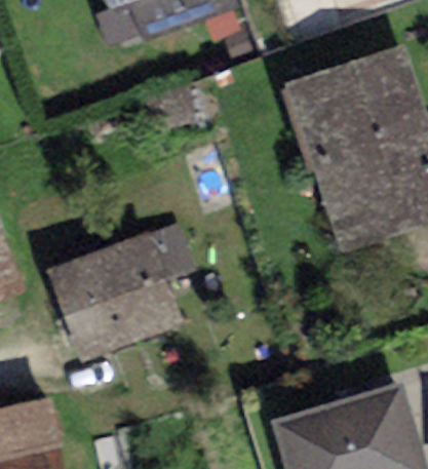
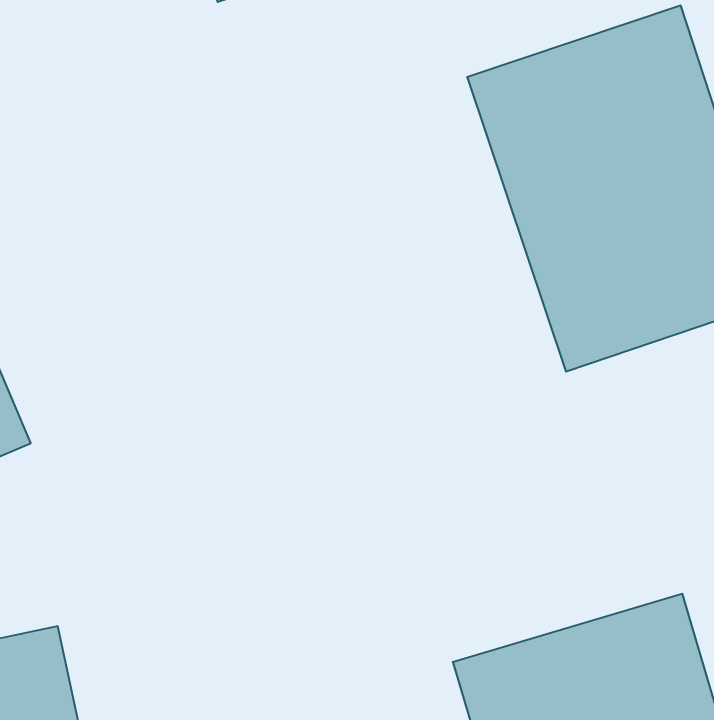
building: [46,222,193,360] -> none

